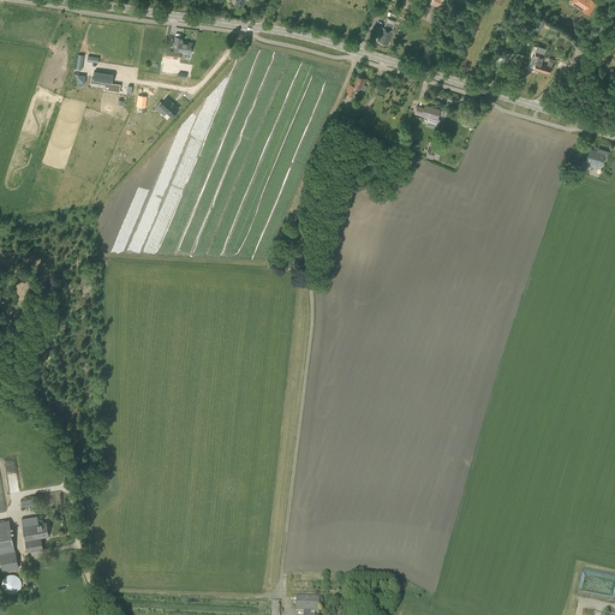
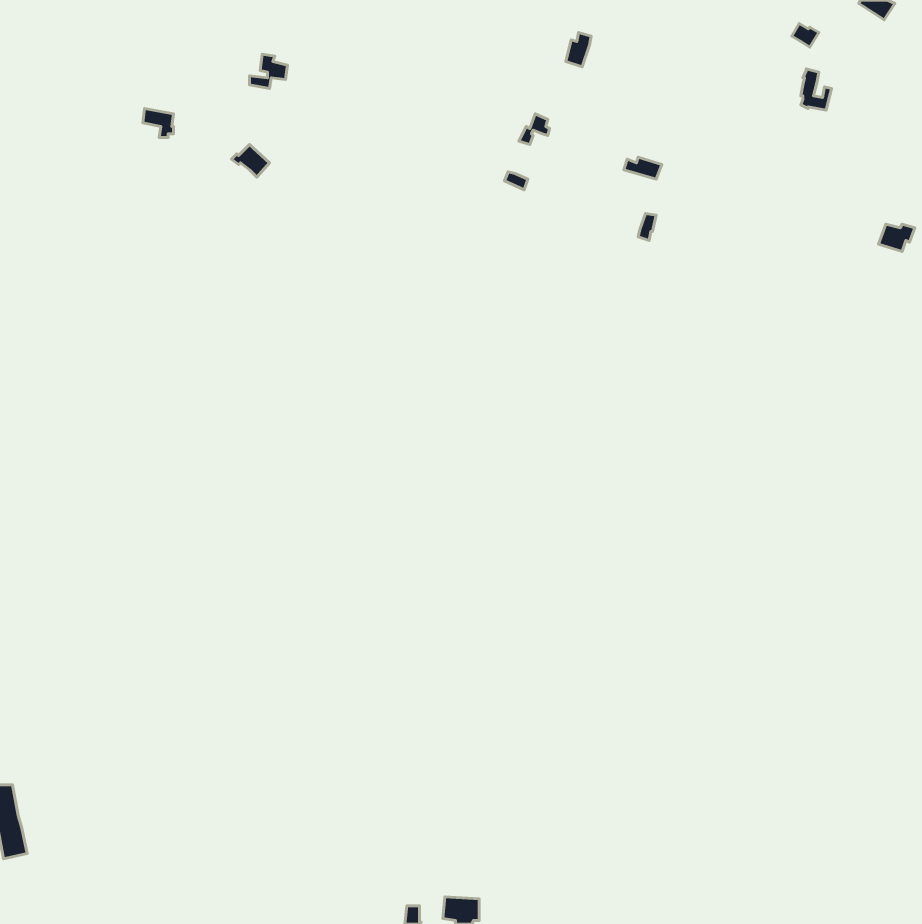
building: [20,515,48,551] -> none

